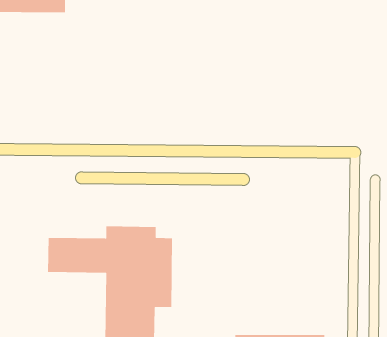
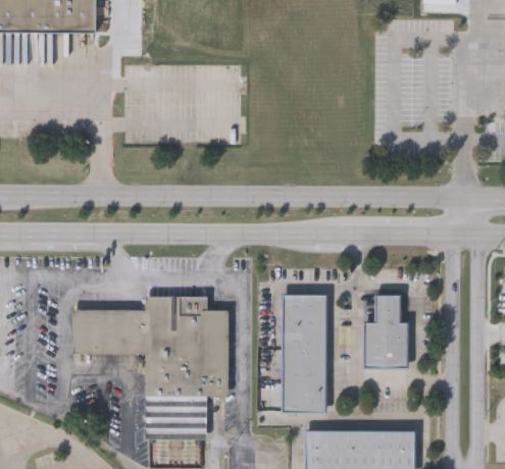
building: none -> [280,294,326,412]
building: none -> [363,295,408,368]

